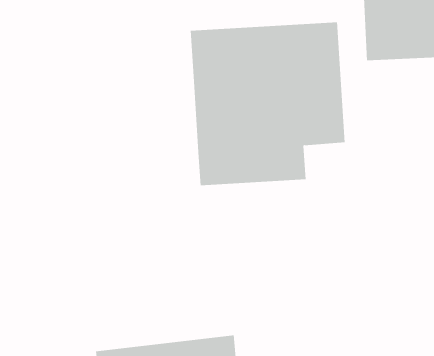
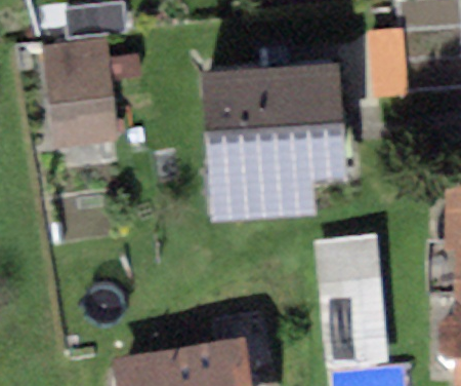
building: none -> [42,44,115,150]
building: none -> [317,240,388,370]

